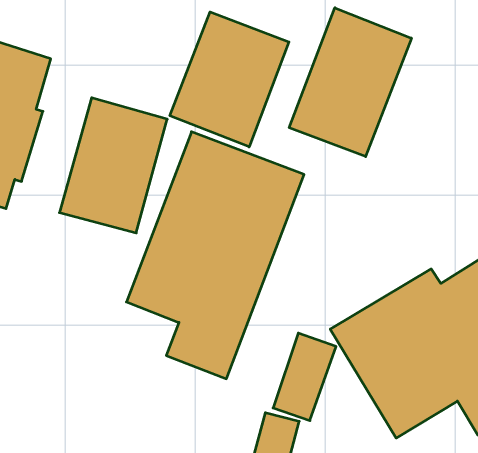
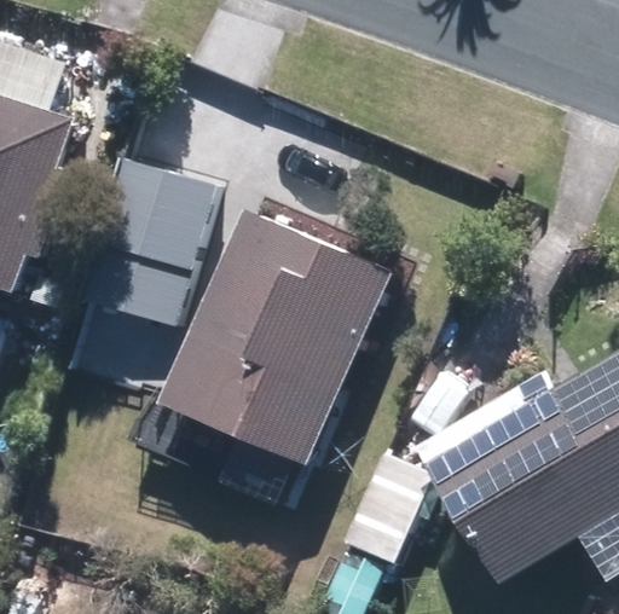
building: [289,8,411,157] -> none
building: [170,12,289,147] -> none

